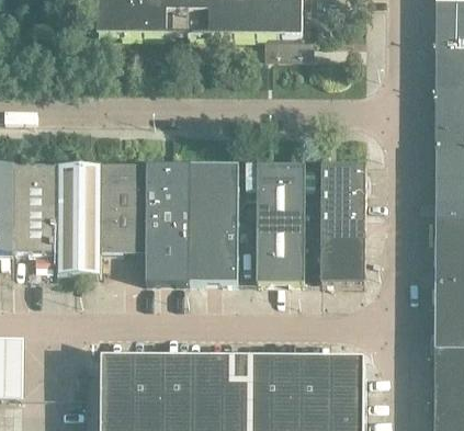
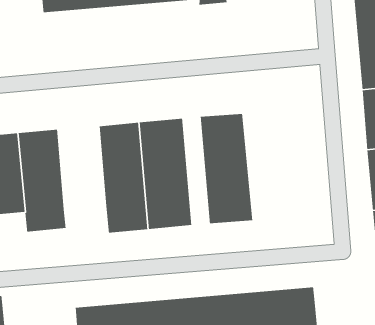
building: [101,161,147,250] -> none
building: [321,163,365,282] -> none

